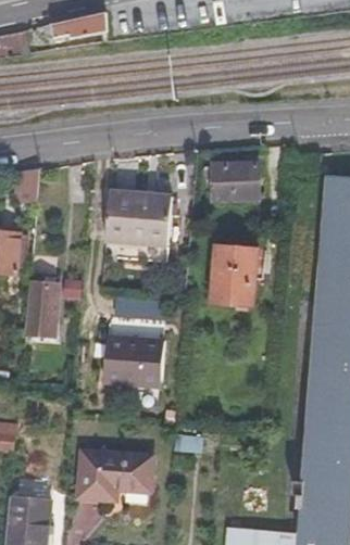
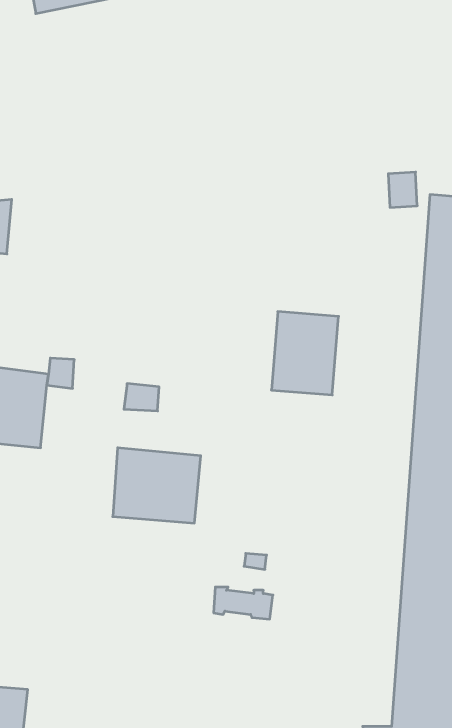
building: [212,164,260,203] -> none
building: [109,193,176,246] -> none
building: [83,455,157,503] -> none

